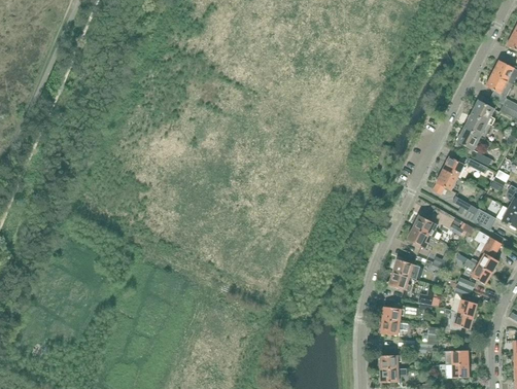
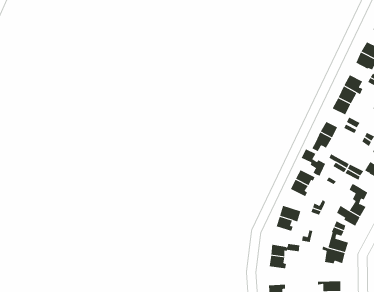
building: none -> [301,149,326,177]

